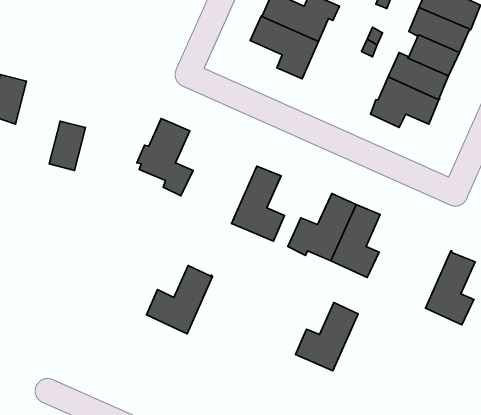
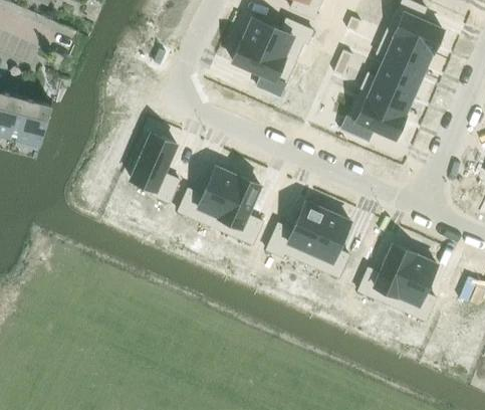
building: [49,121,86,171] -> [19,97,52,143]
building: [146,265,212,334] -> [179,165,239,227]
building: [295,303,358,371] -> [358,242,416,304]

